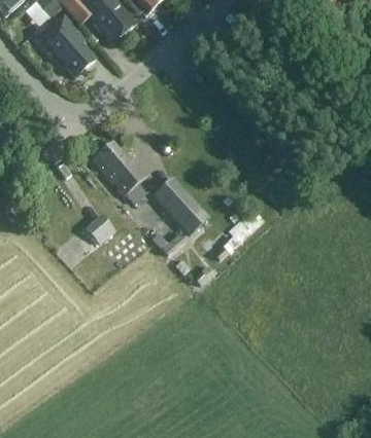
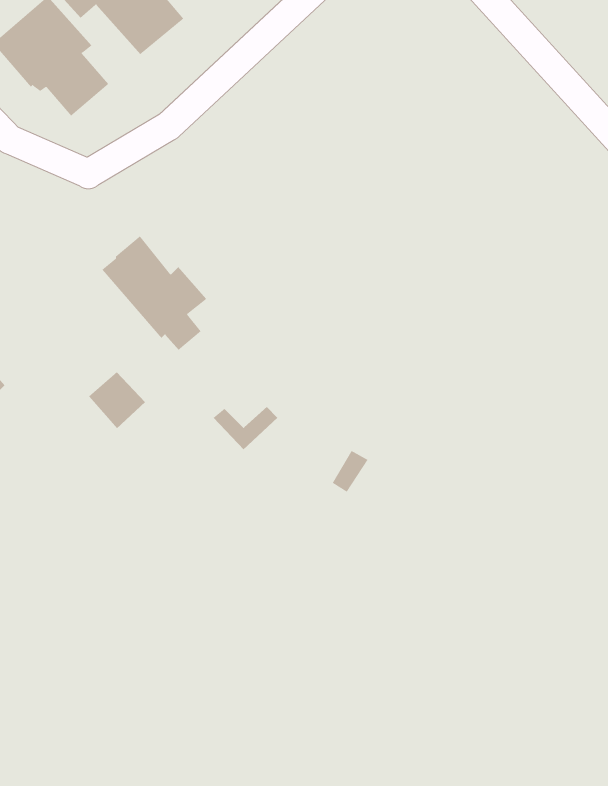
building: [153,177,210,234] -> none

